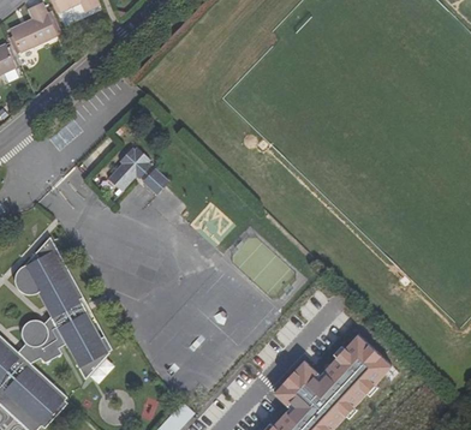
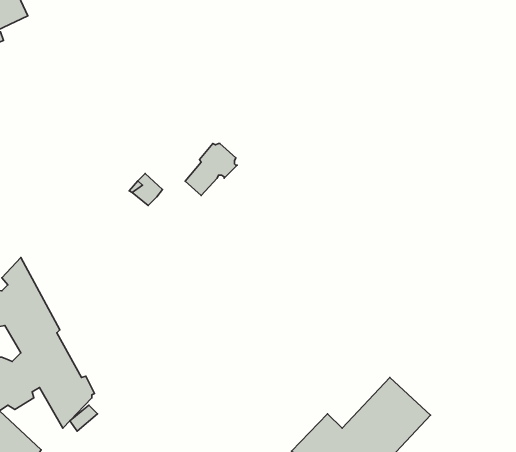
building: [108,147,151,190] -> [185,143,237,196]

